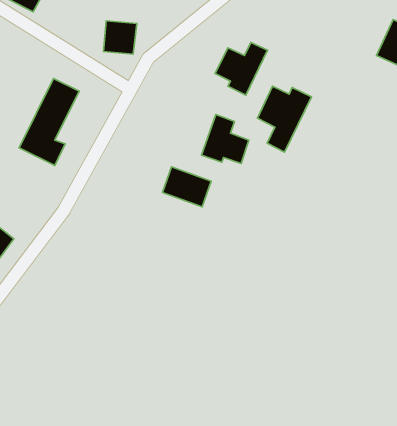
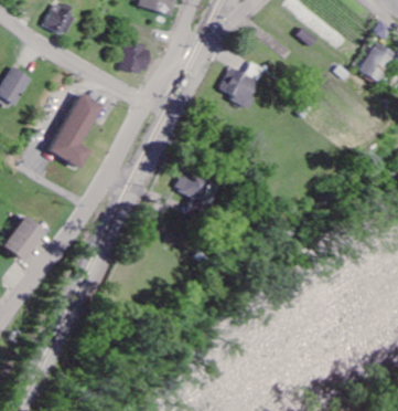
building: [257,86,311,152] -> none
building: [201,114,249,163] -> none

